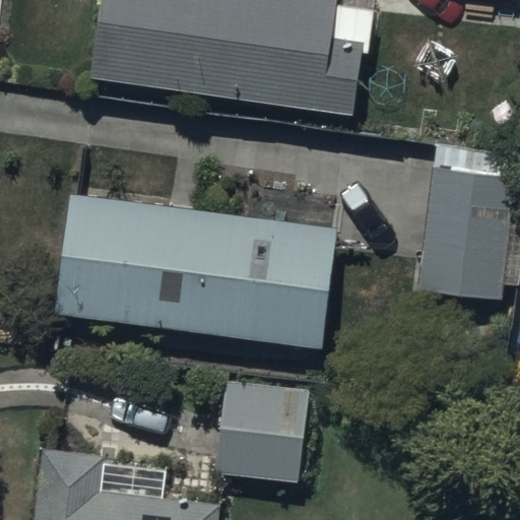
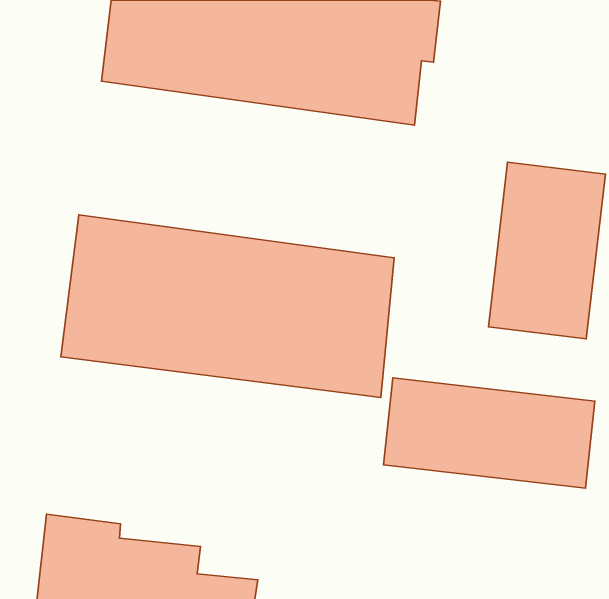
building: none -> [383,378,595,488]
building: [215,381,311,484] -> none

